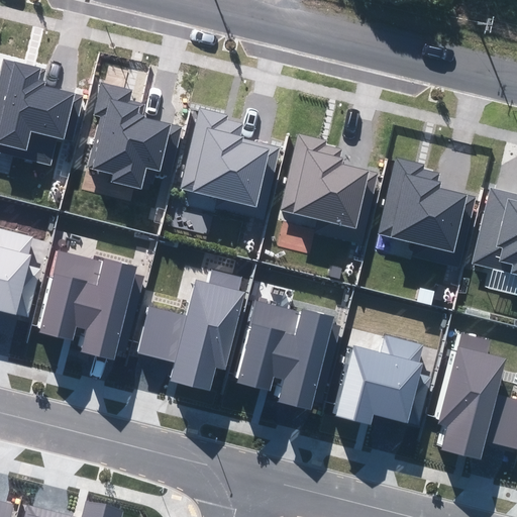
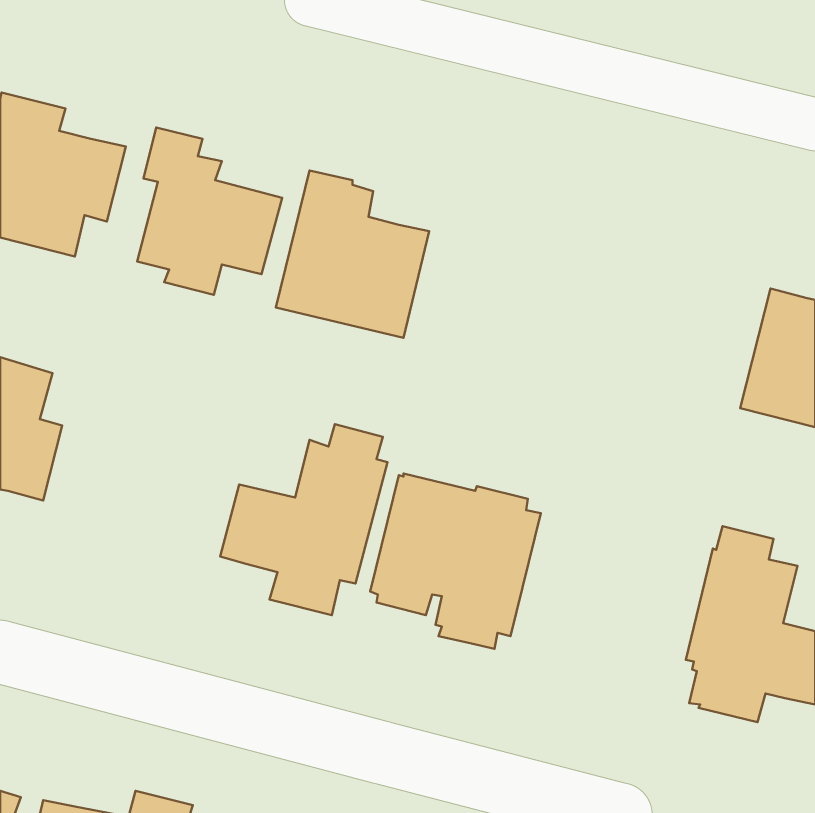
building: [272,133,372,240] -> none
building: [373,152,473,256] -> none
building: [35,250,143,361] -> none
building: [332,334,430,424] -> none

